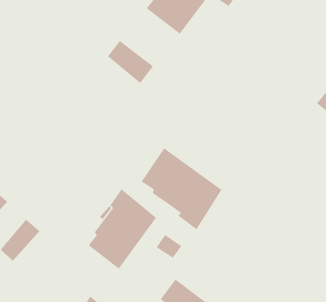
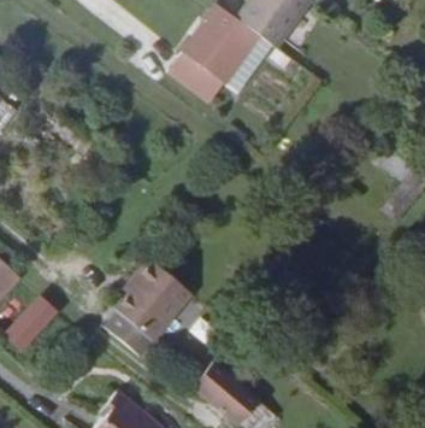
building: [107,40,154,84] -> [166,49,222,101]
building: [141,147,222,230] -> none

